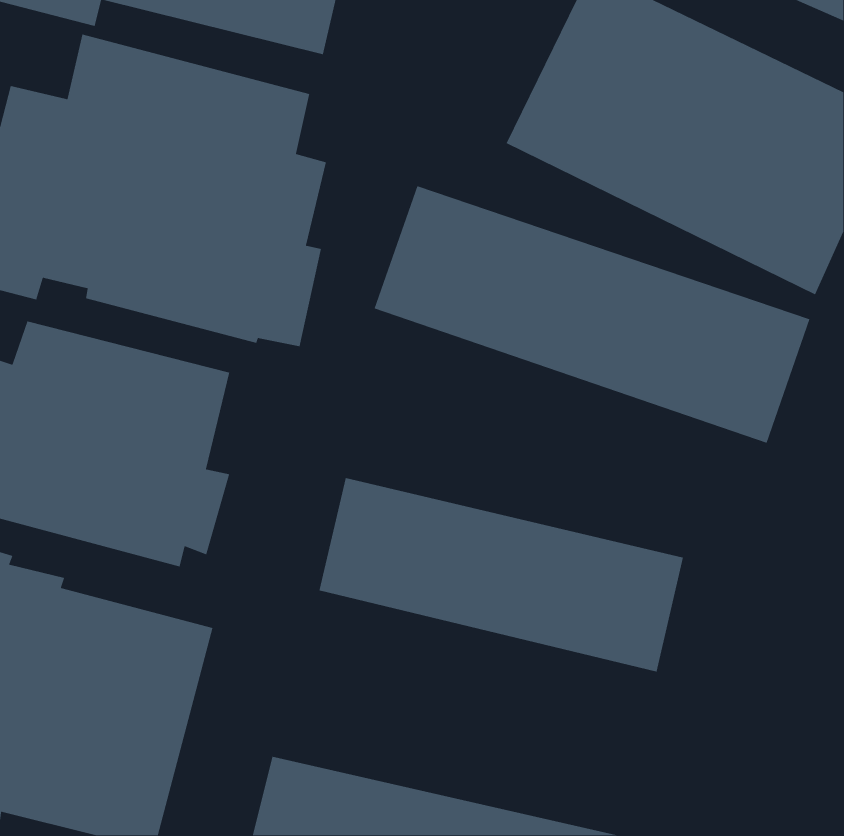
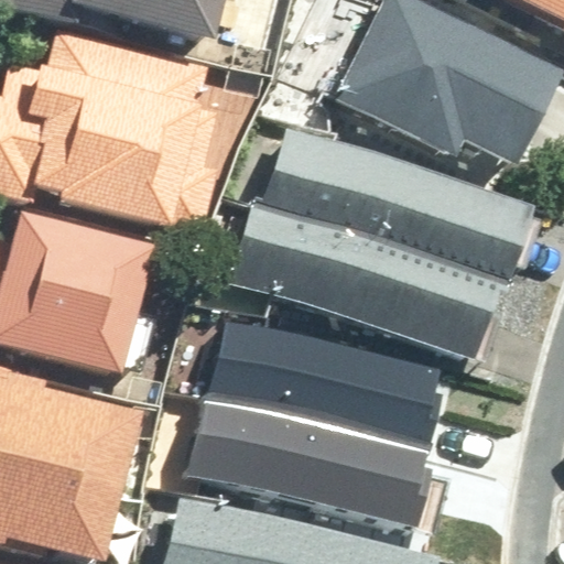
building: none -> [219,204,507,375]
building: none -> [192,390,434,519]

